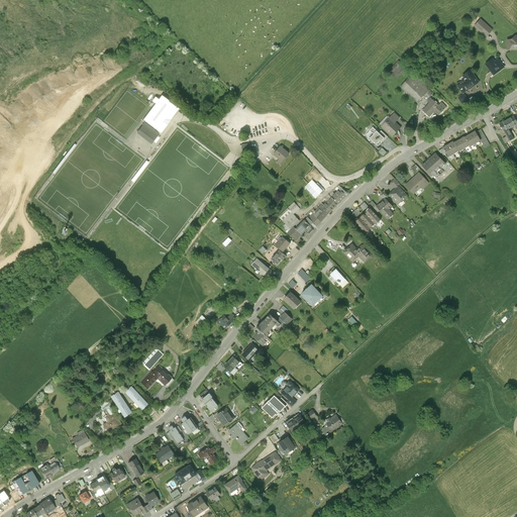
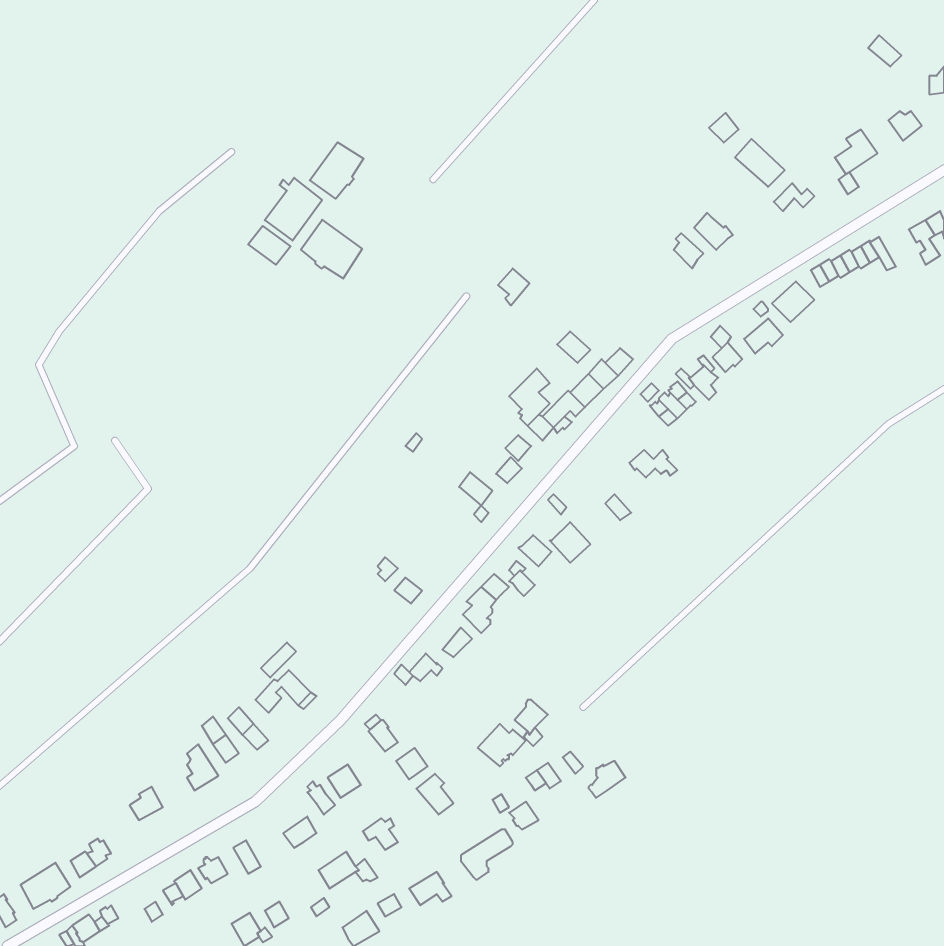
building: none -> [310,142,364,199]
building: none -> [301,220,362,279]

